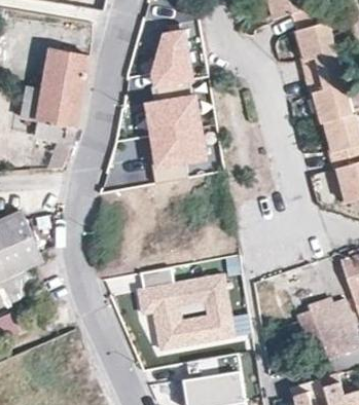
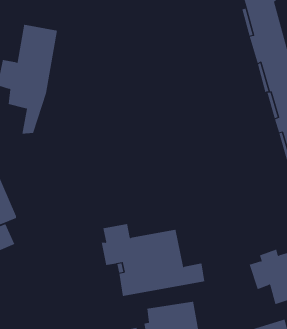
building: [151,33,193,93] -> none
building: [142,97,207,169] -> none

